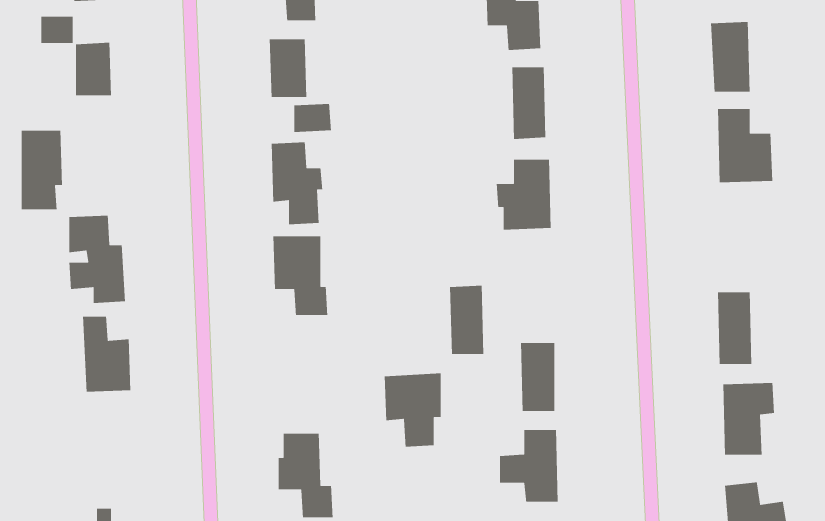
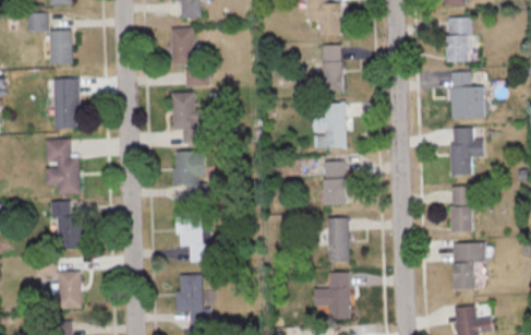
building: [21,130,63,210] -> [53,79,80,129]
building: none -> [451,128,483,176]
building: [449,285,484,355] -> [324,161,346,205]
building: [384,372,441,447] -> [177,216,213,263]
building: none -> [58,272,81,309]

